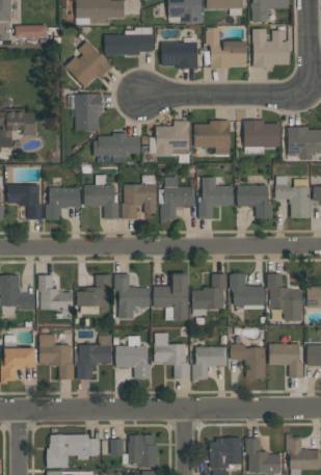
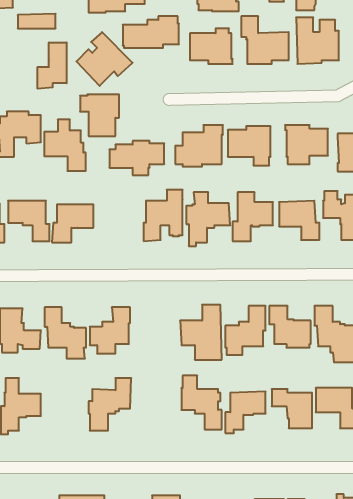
building: none -> [38,42,67,89]
building: [84,175,119,218] -> [44,120,86,171]
building: [115,273,150,318] -> none
building: [39,334,74,378] -> none
building: [116,335,151,378] -> none

